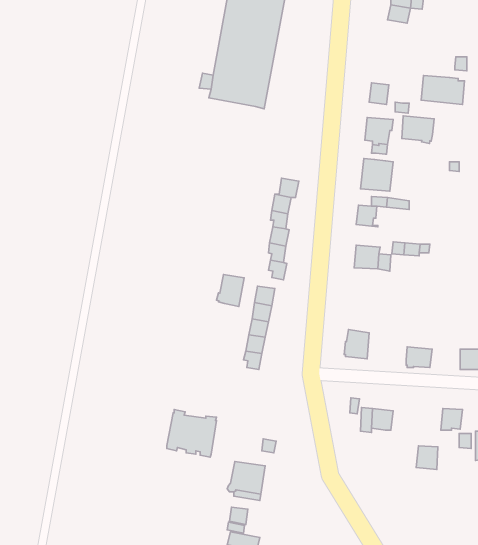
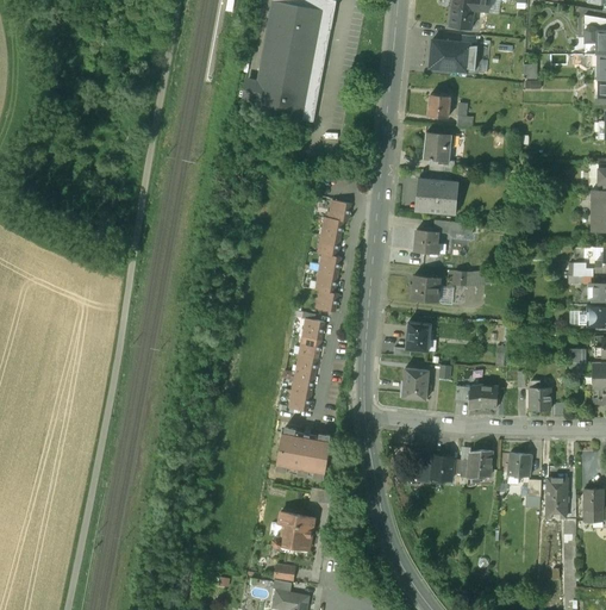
building: [421,75,465,105] -> [430,42,477,74]
building: [402,116,434,143] -> none
building: [217,275,244,306] -> none
building: none -> [406,320,431,350]
building: [167,410,217,457] -> [276,427,331,479]
building: [416,446,438,470] -> [468,452,492,478]

